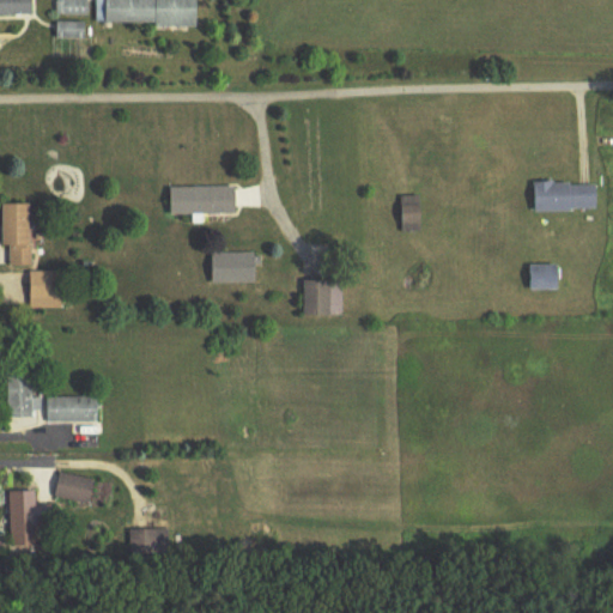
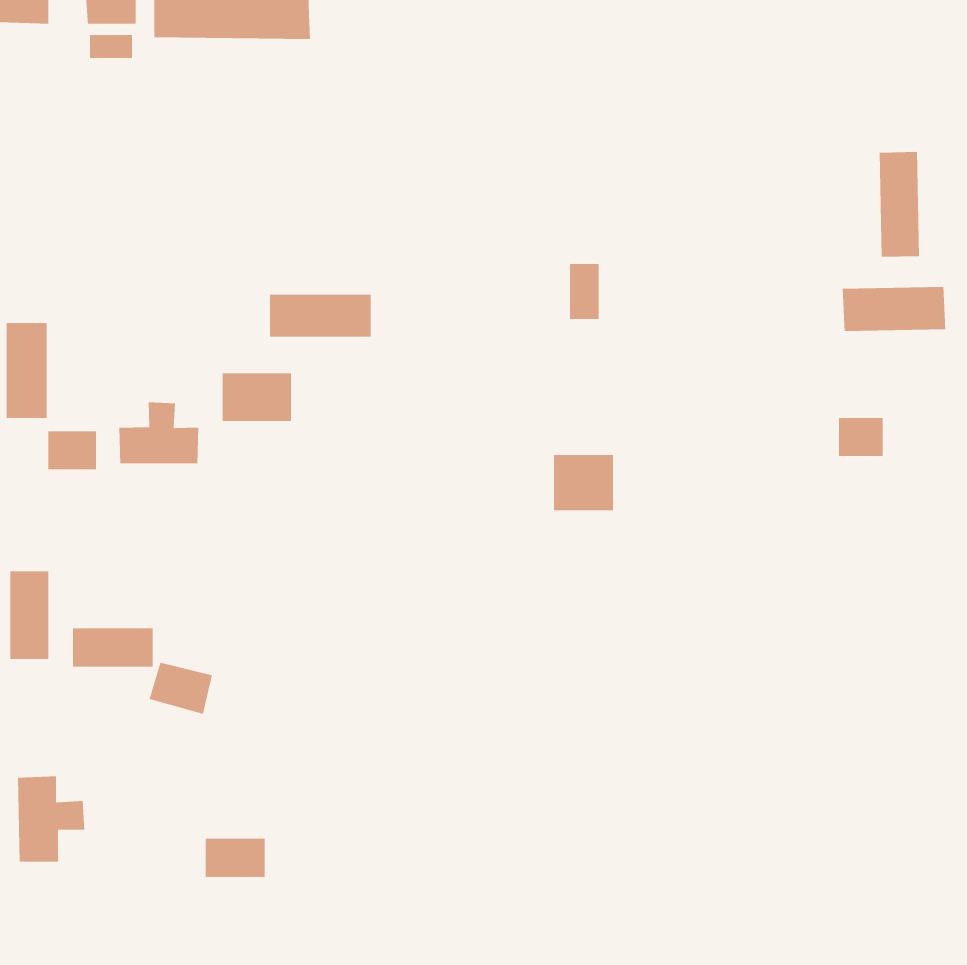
building: none -> [879,151,920,258]
building: [401,195,420,231] -> [569,263,599,320]
building: [211,251,255,283] -> [222,373,292,422]
building: none -> [119,402,199,464]
building: [303,280,341,316] -> [553,454,614,511]
building: [54,472,95,505] -> [148,662,213,715]

